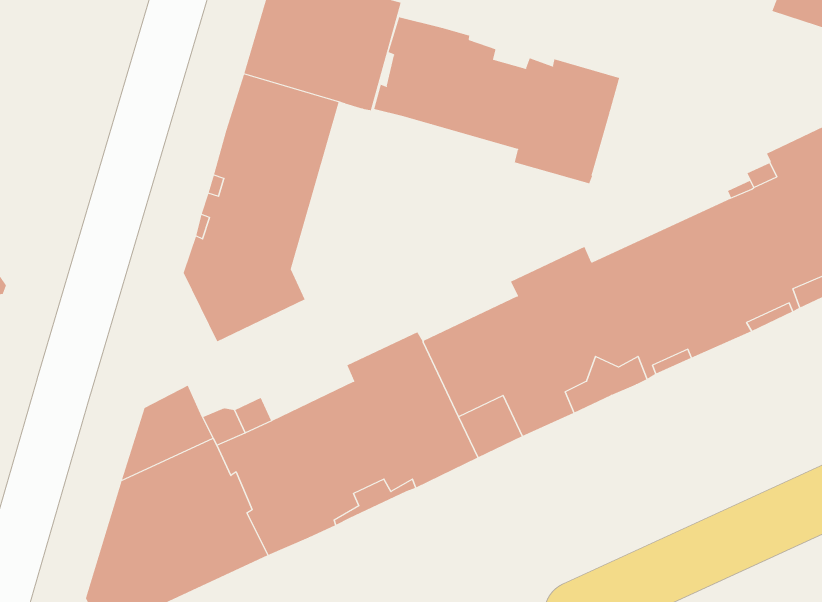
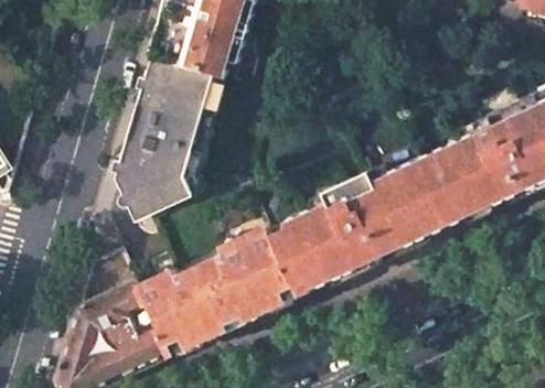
building: [373,16,620,184] -> none

